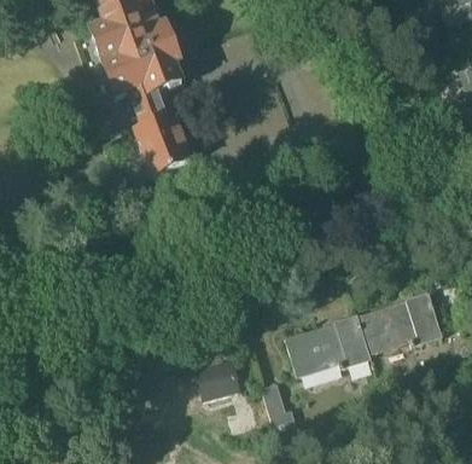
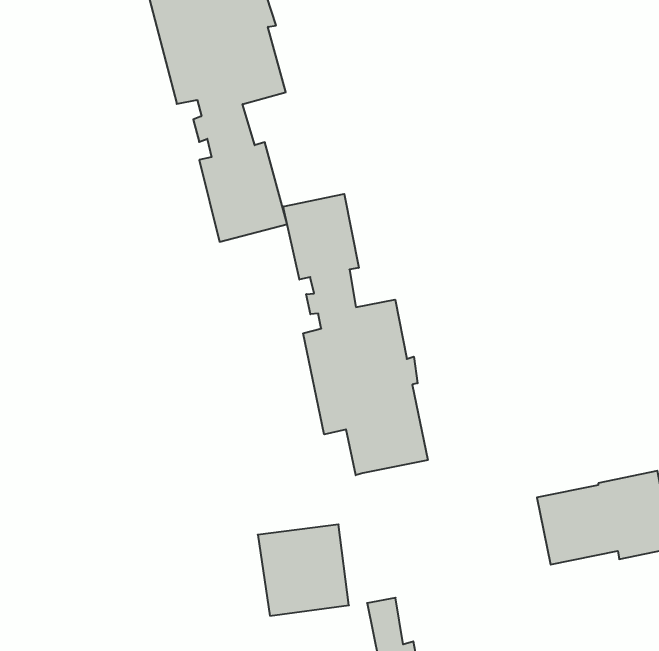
building: none -> [283,194,428,475]
building: [285,314,371,378] -> none

